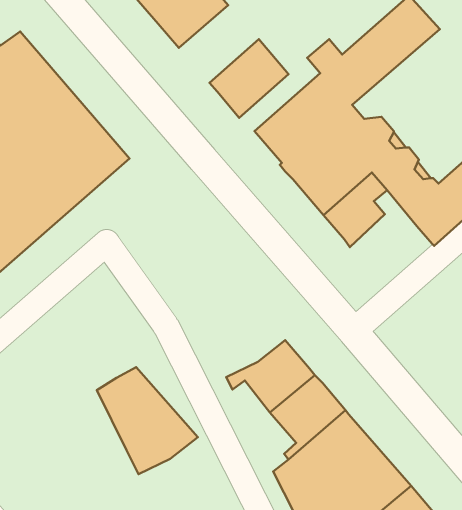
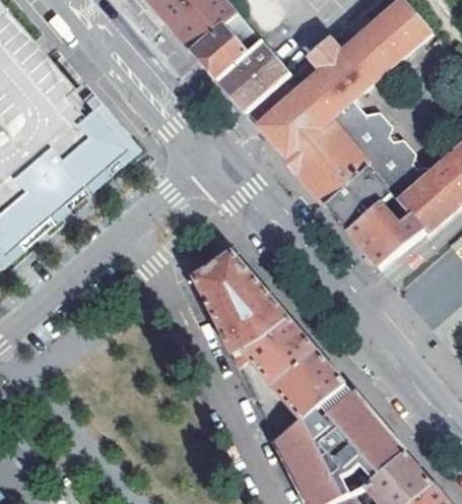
building: none -> [187,7,261,79]
building: none -> [345,201,421,266]
building: [97,367,198,474] -> [192,253,285,353]

